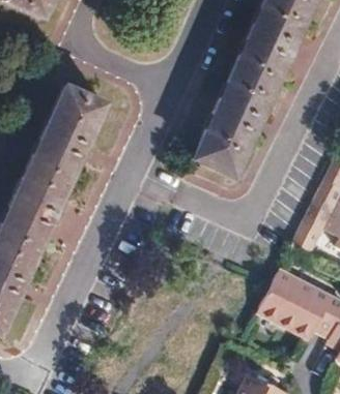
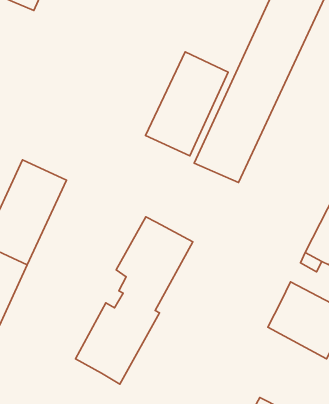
building: [33,80,109,175] -> [146,52,228,156]
building: none -> [75,217,193,384]

